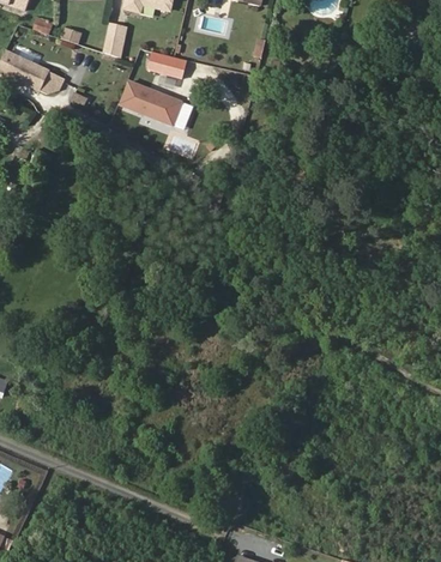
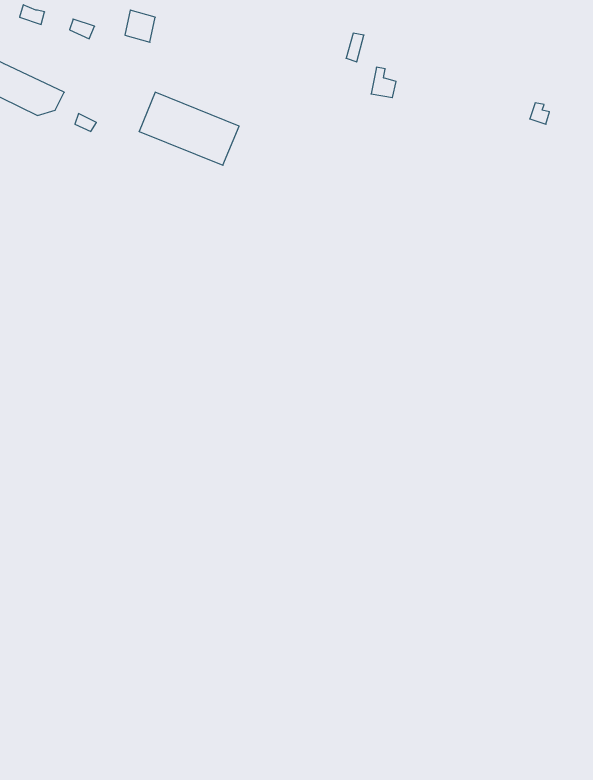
building: [143,49,186,79] -> none

